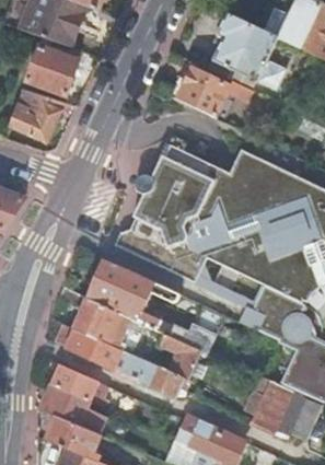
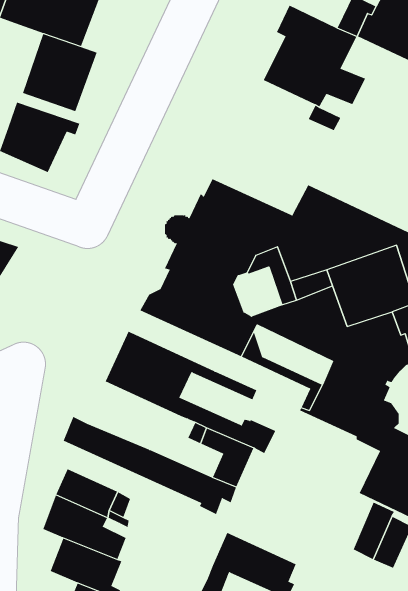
building: [178,68,231,118] -> none
building: [59,289,146,350] -> none
building: [245,376,291,430] -> none

